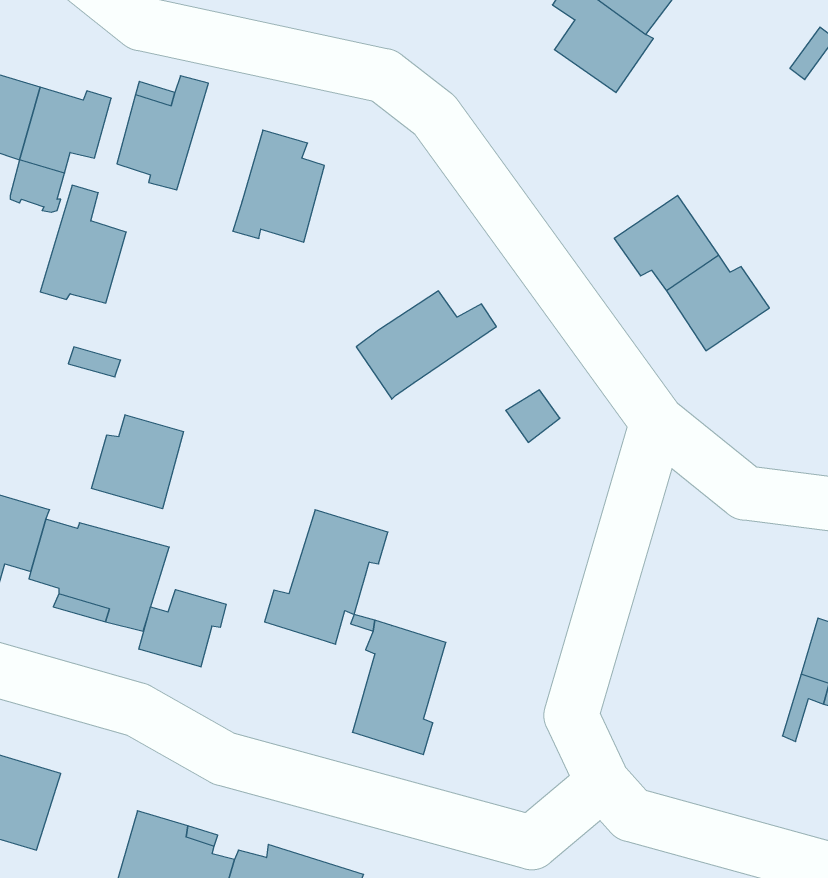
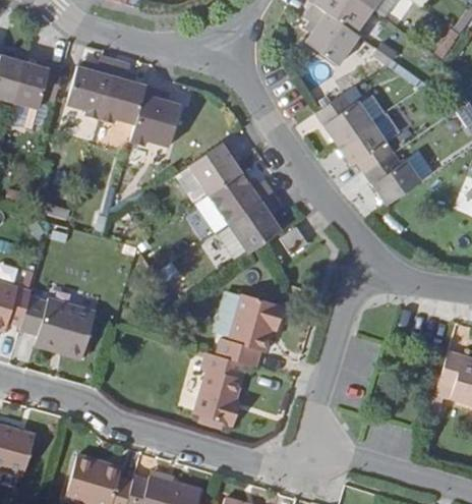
building: none -> [315,93,372,145]
building: [40,185,126,303] -> [100,60,146,124]
building: none -> [178,134,244,204]
building: none -> [219,192,283,261]
building: [91,415,184,509] -> none
building: [265,510,388,644] -> [217,294,284,368]
building: [139,590,226,667] -> none

